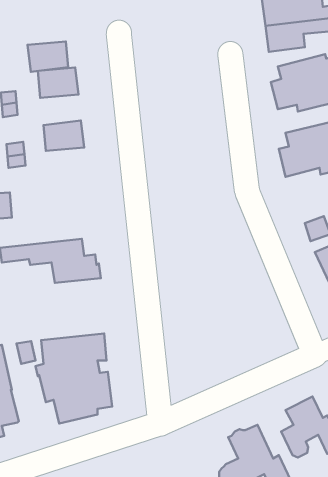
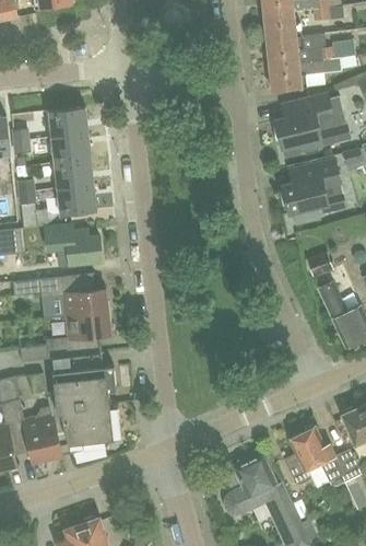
building: [27,41,68,72] -> [50,132,90,162]
building: none -> [56,184,95,213]
building: none -> [44,223,101,265]
building: none -> [19,311,110,361]
building: none -> [22,405,60,461]

